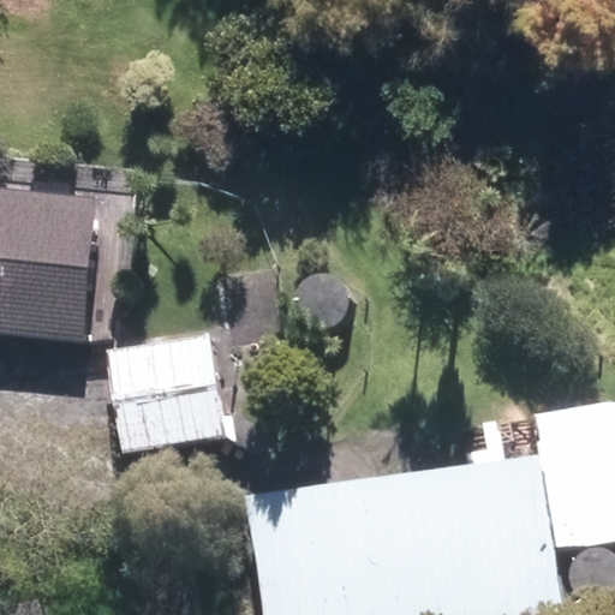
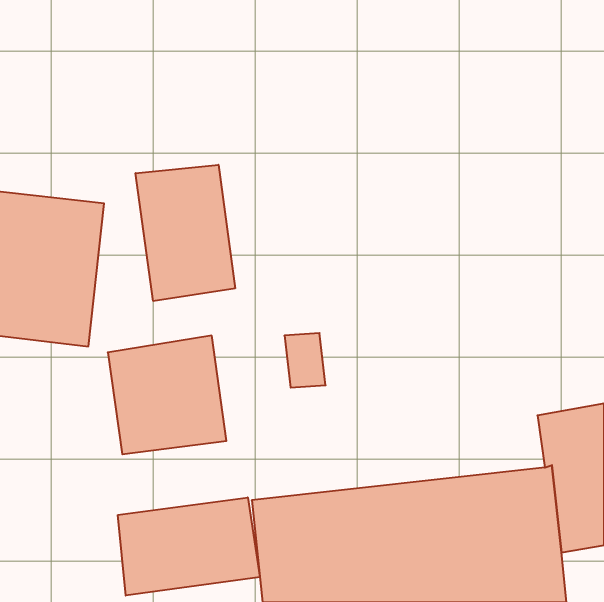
building: none -> [136,165,235,301]
building: none -> [118,497,260,596]

